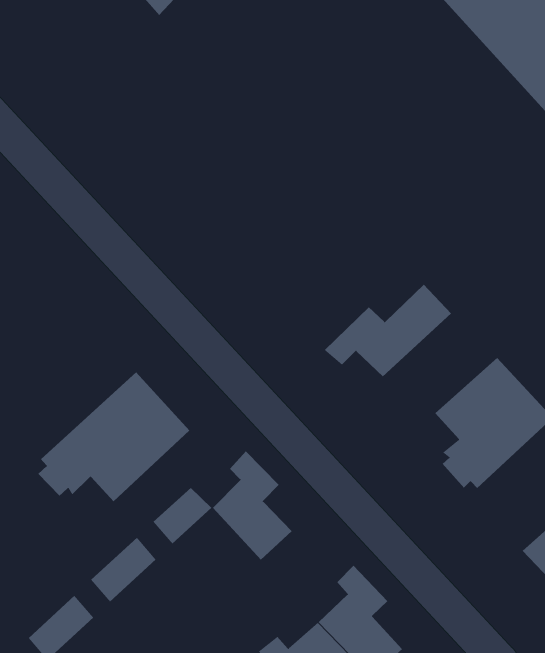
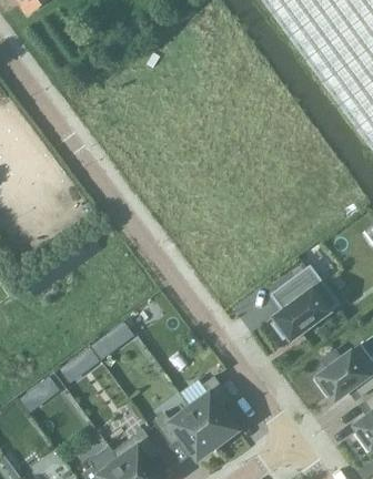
building: [324,284,452,377] -> none
building: [38,372,190,502] -> none
building: [212,451,293,561] -> none

